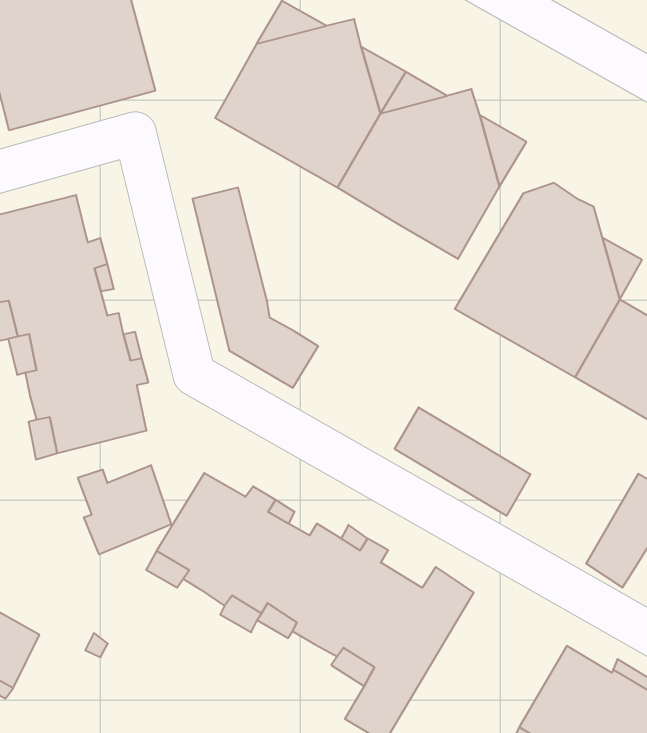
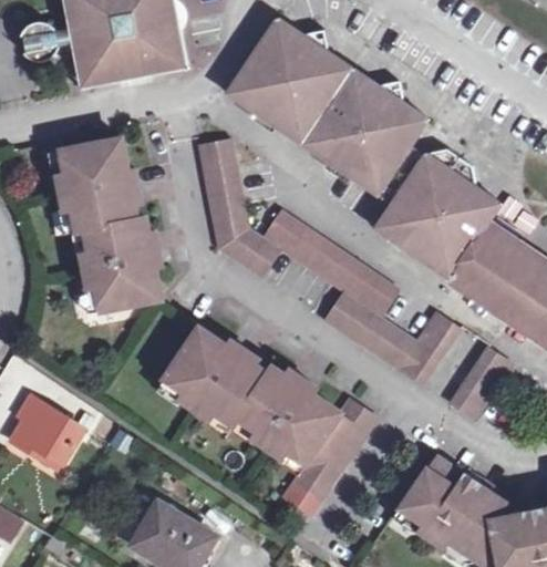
building: none -> [265,209,399,317]
building: none -> [399,312,461,385]
building: [78,465,171,554] -> none

